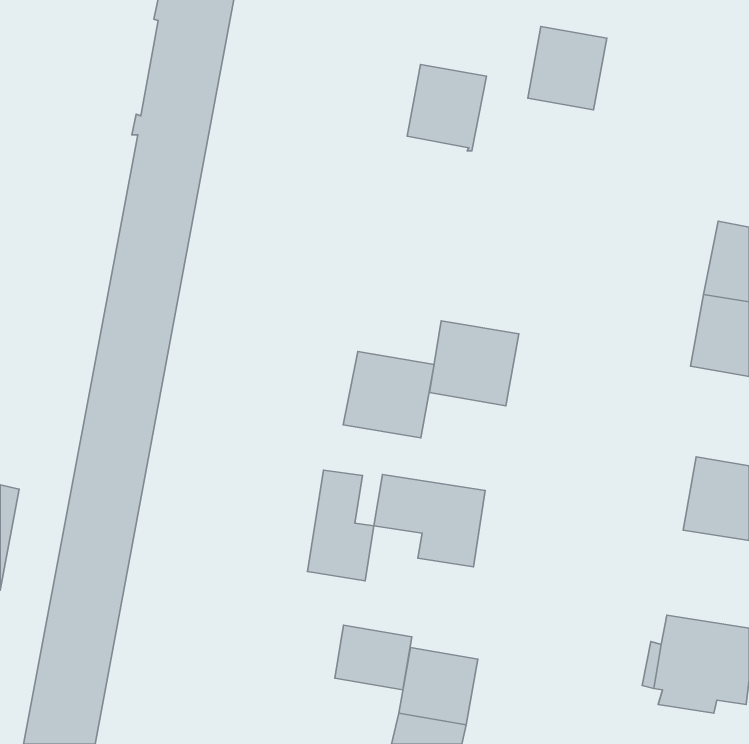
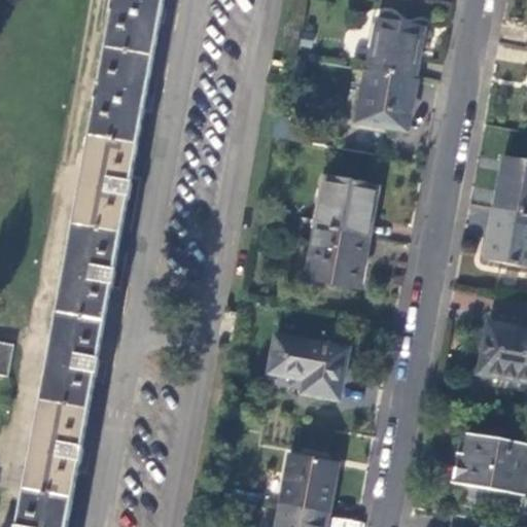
building: [407,64,486,151] -> [361,69,417,130]
building: [343,351,434,438] -> [310,174,374,235]
building: [307,470,374,581] -> none
building: [335,625,412,690] -> none

